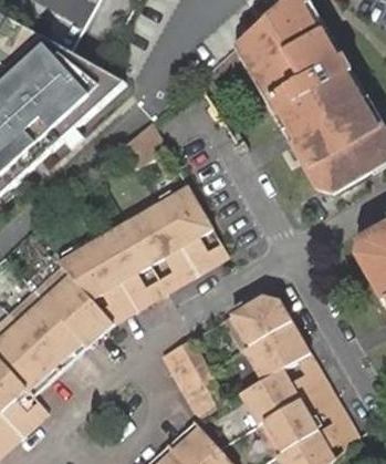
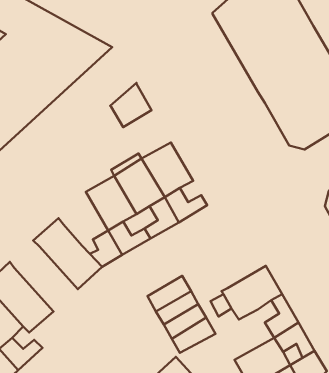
building: [59,240,119,299] -> none
building: [12,293,86,371] -> none
building: [226,296,292,349] -> none
building: [240,369,301,424] -> none

